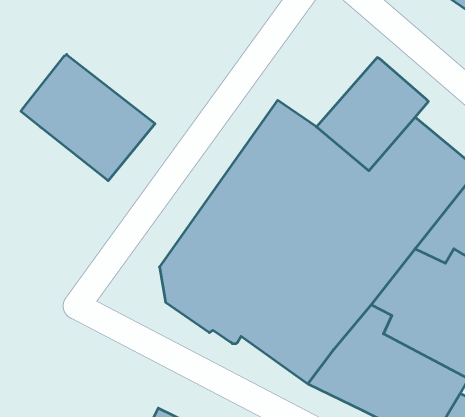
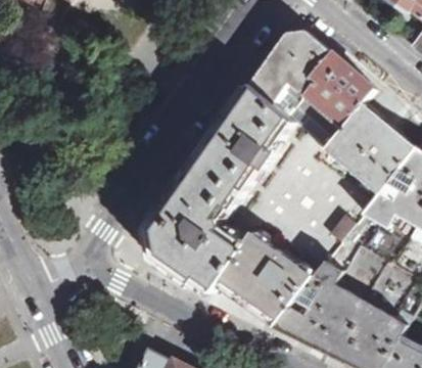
building: none -> [246,30,330,110]
building: [21,54,155,181] -> none

